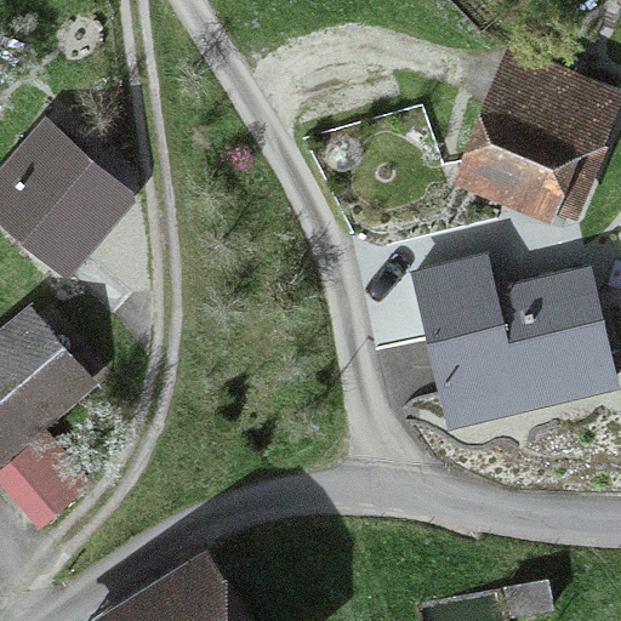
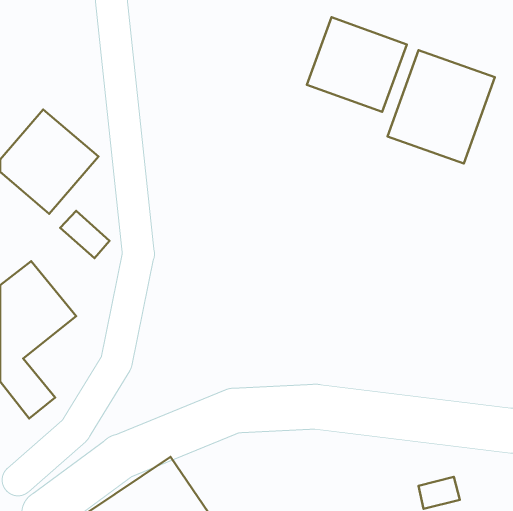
building: none -> [307,17,407,112]
building: [416,269,604,404] -> none

